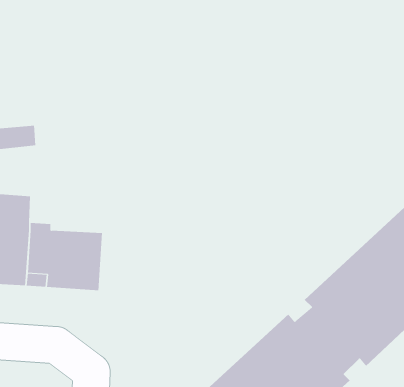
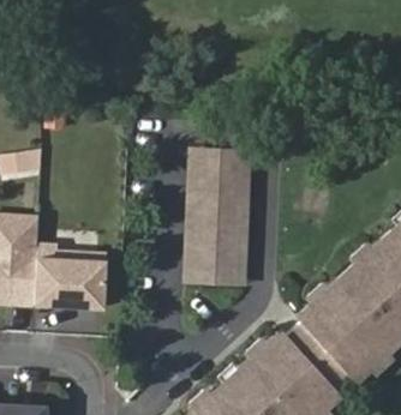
building: none -> [188,148,247,287]

